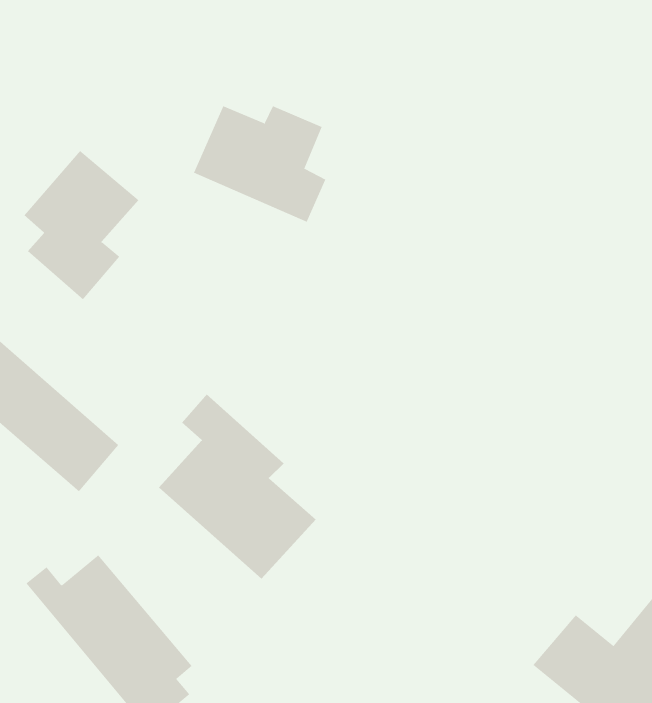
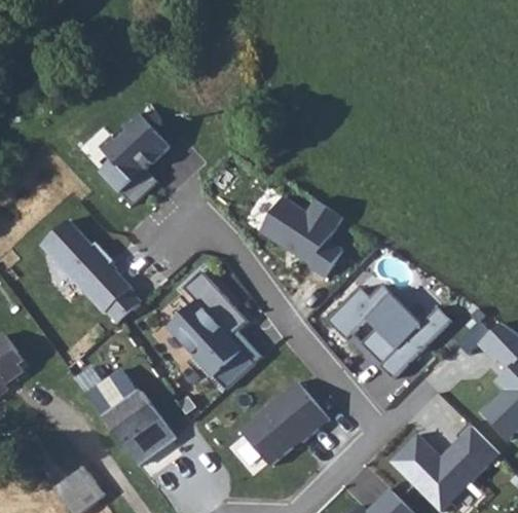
building: [193,106,326,223] -> [260,196,343,274]
building: none -> [328,285,450,380]
building: none -> [237,380,330,468]

